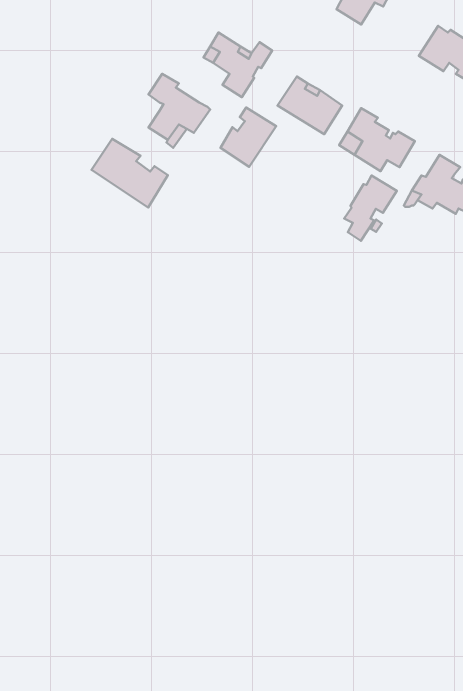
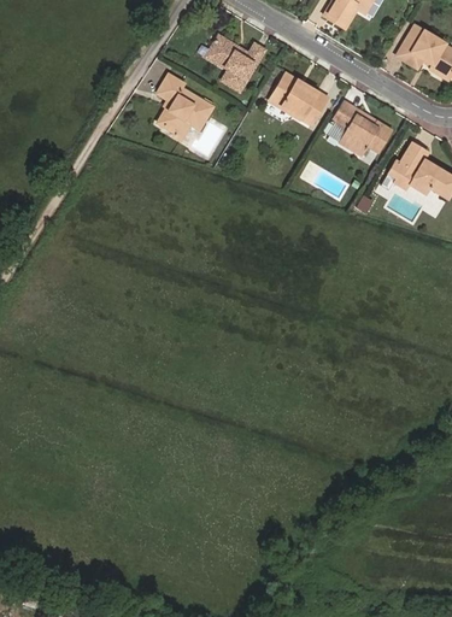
building: [220,108,276,167] -> none
building: [92,139,168,208] -> none
building: [344,176,397,241] -> none

